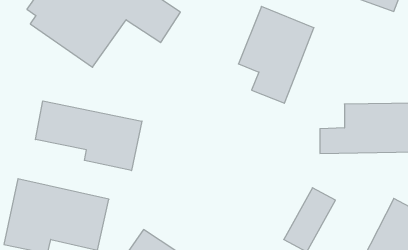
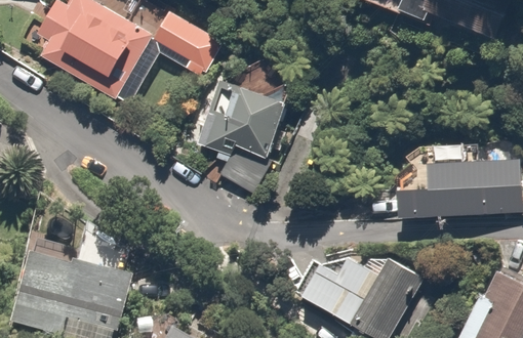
building: [238,6,314,103] -> [198,74,292,195]
building: [35,101,142,171] -> none
building: none -> [303,258,378,325]

